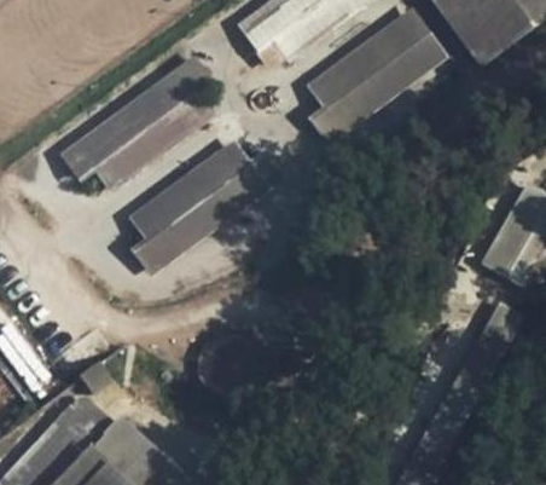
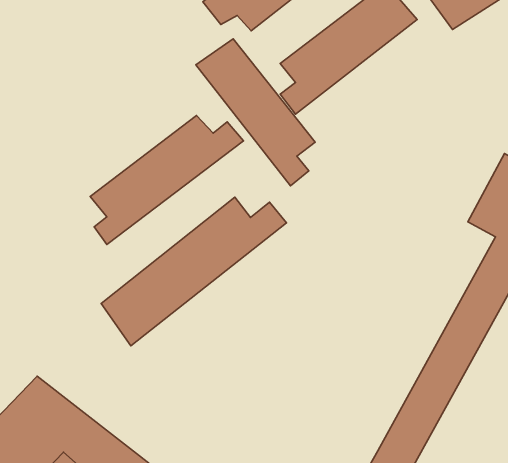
building: [58,64,202,192] -> none
building: none -> [196,39,315,186]
building: none -> [101,197,287,346]

